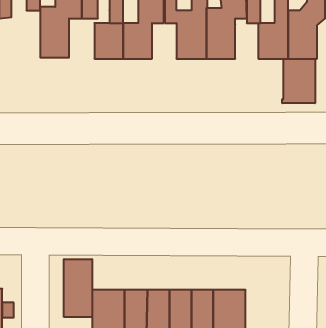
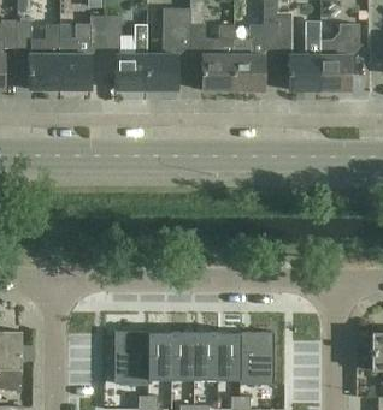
building: none -> [30,53,60,89]
building: [282,59,315,103] -> none
building: [64,259,92,317] -> none

